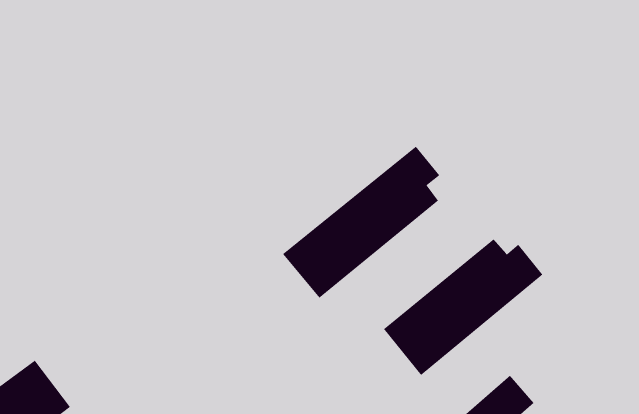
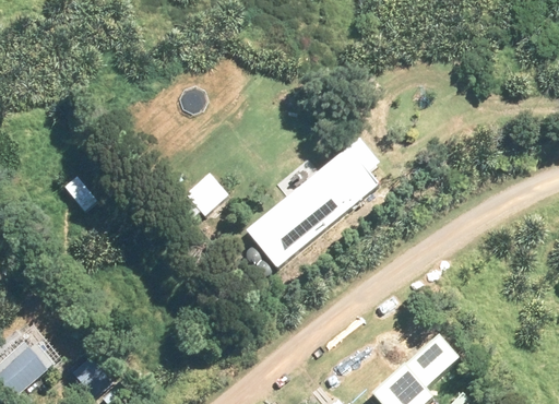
building: [383,239,543,376] -> none

